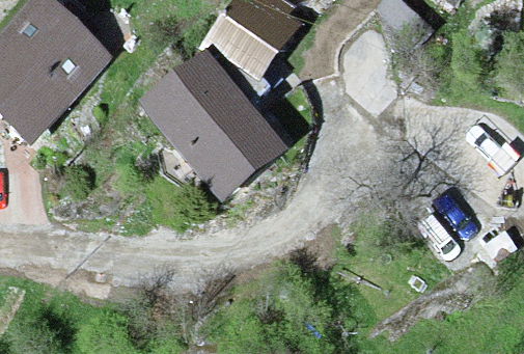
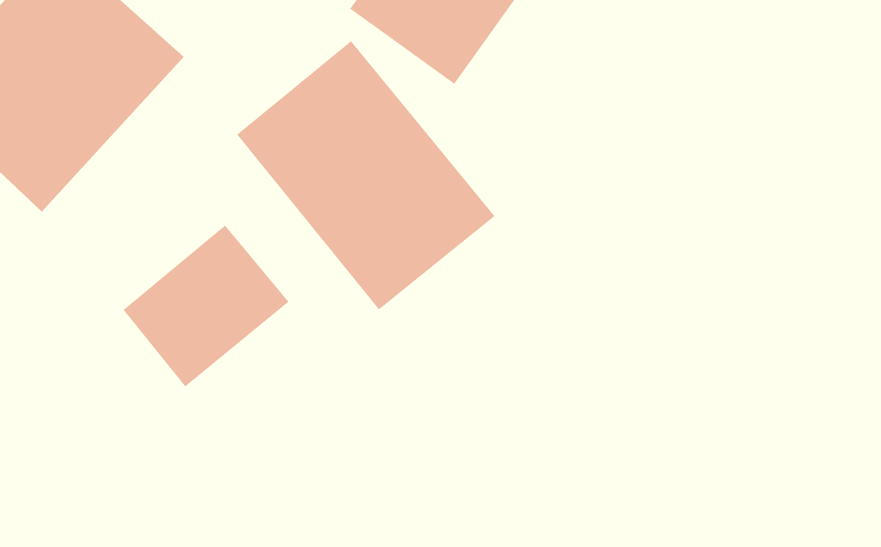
building: none -> [122,224,290,388]

